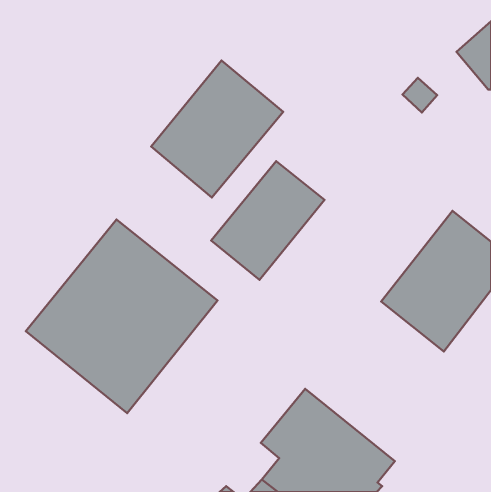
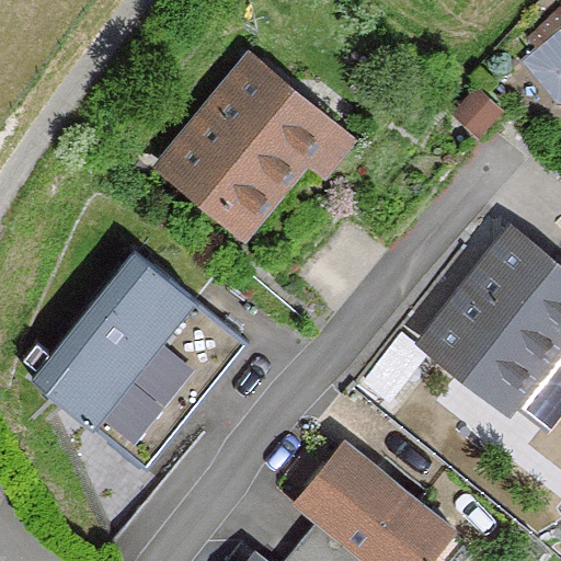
building: [211,161,324,280] -> none

